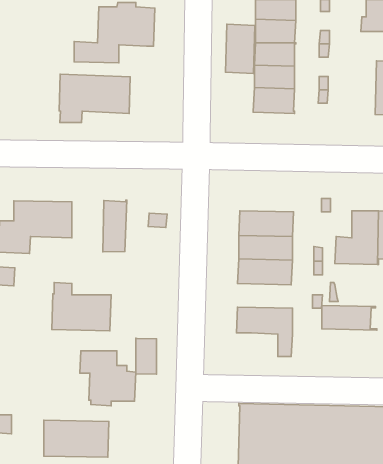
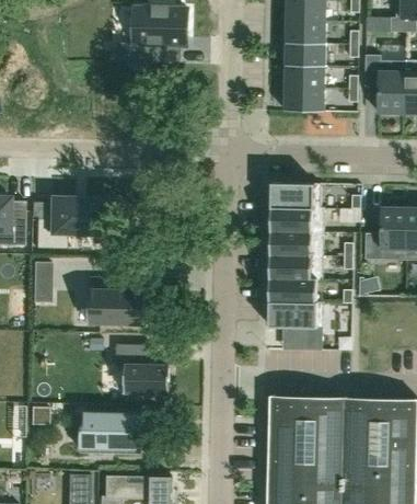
building: [225,24,255,73] -> none
building: none -> [363,55,404,113]
building: [59,74,130,123] -> none
building: none -> [270,182,323,208]
building: [103,200,127,252] -> none
building: [322,305,377,330] -> [268,278,322,302]
building: [136,338,157,374] -> none

